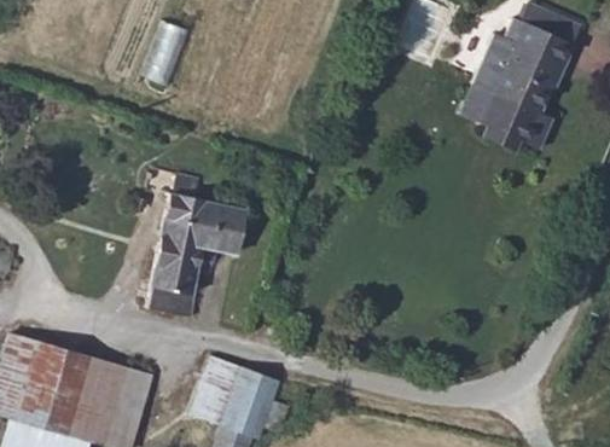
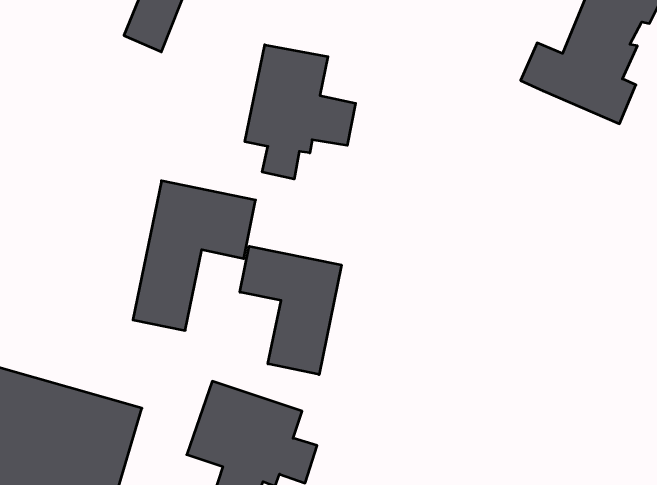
building: none -> [245,45,356,179]
building: none -> [240,246,341,375]

